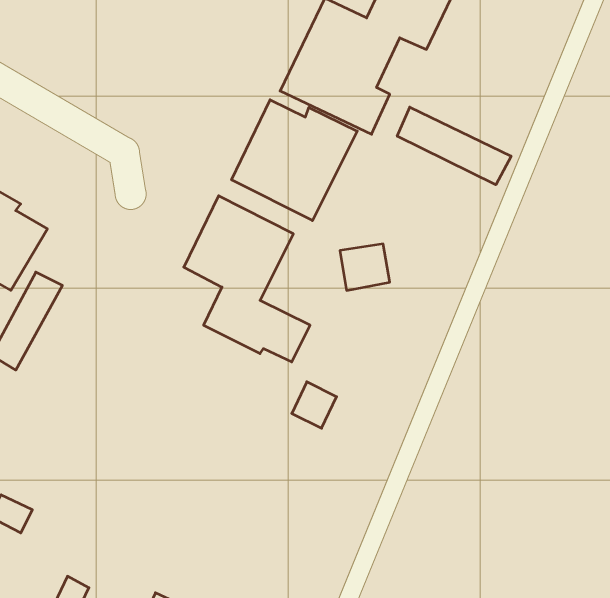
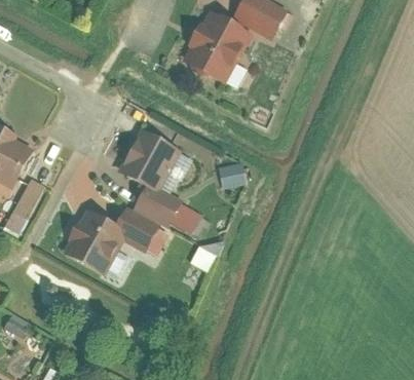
building: [232,100,357,221] -> none
building: [397,107,511,185] -> none
building: none -> [62,205,170,277]

